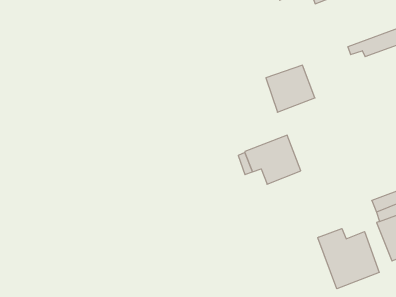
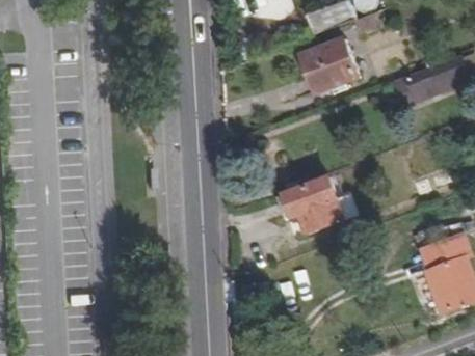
building: [266,65,315,112] -> [305,36,358,87]
building: [318,229,379,289] -> none

